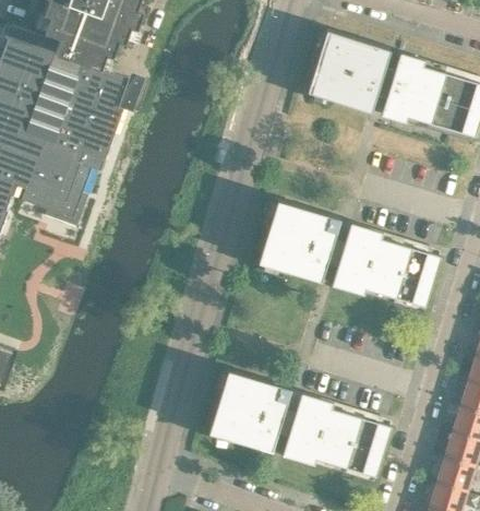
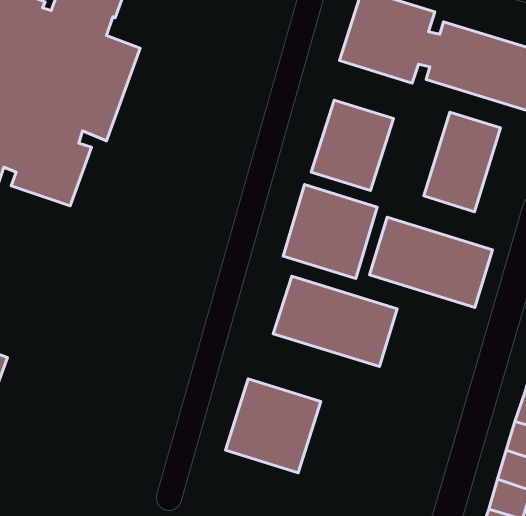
building: none -> [311,100,393,191]
building: none -> [424,112,500,212]
building: [283,400,391,478] -> [273,276,397,367]

